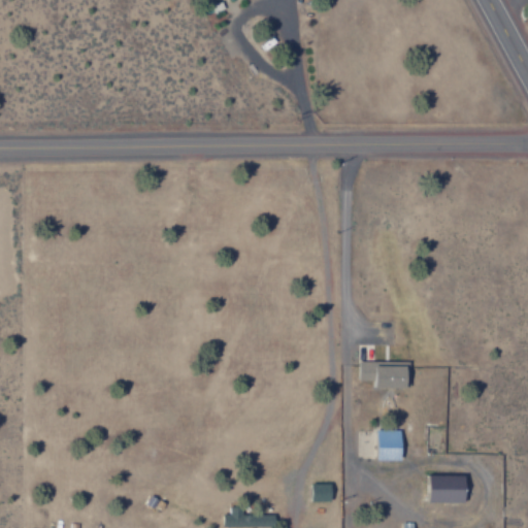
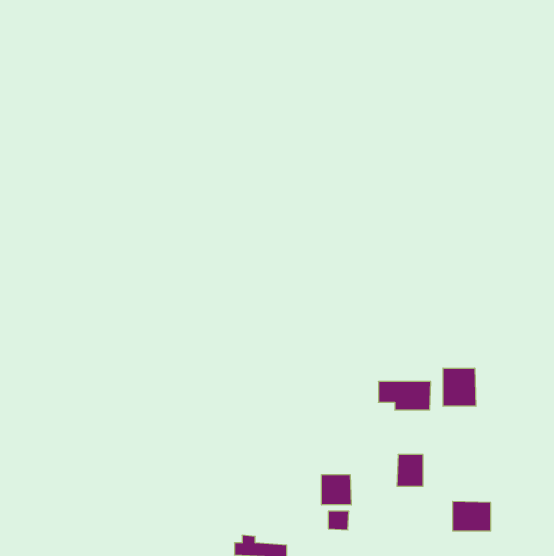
building: none -> [443,368,476,406]
building: none -> [322,475,351,505]

